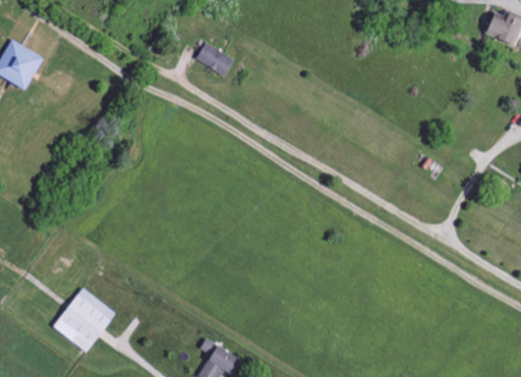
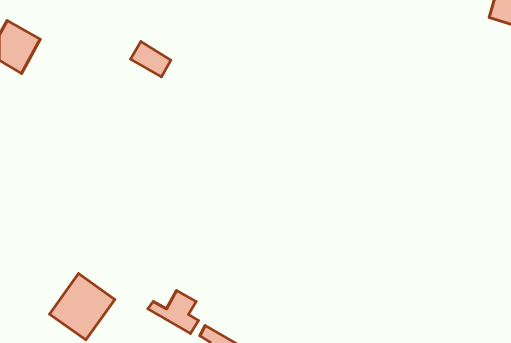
building: [194,42,234,76] -> [131,42,171,77]
building: none -> [148,290,198,334]

